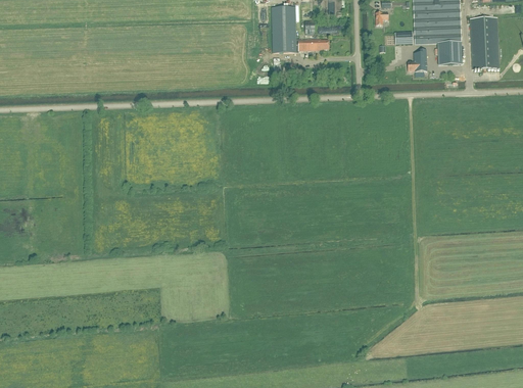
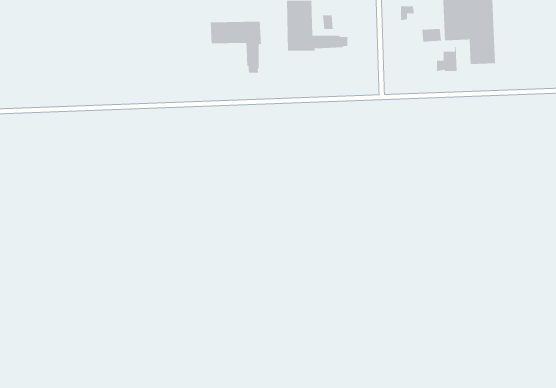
building: [471,16,500,68] -> none
building: none -> [210,21,261,73]

